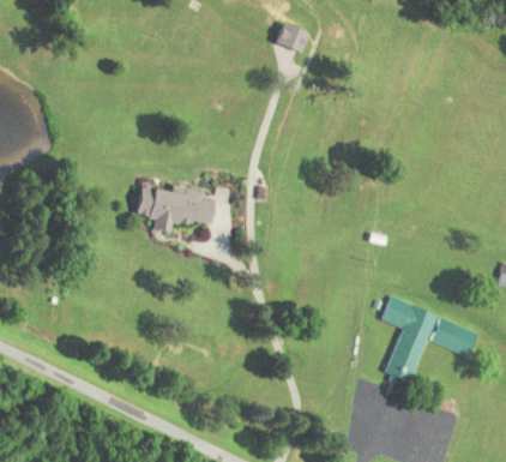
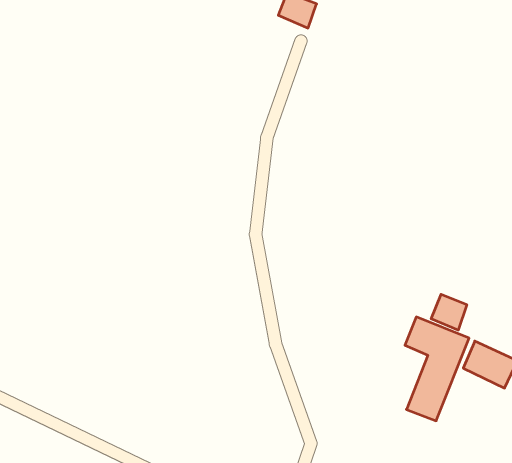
building: [133,184,215,230] -> none
building: none -> [431,294,467,330]

